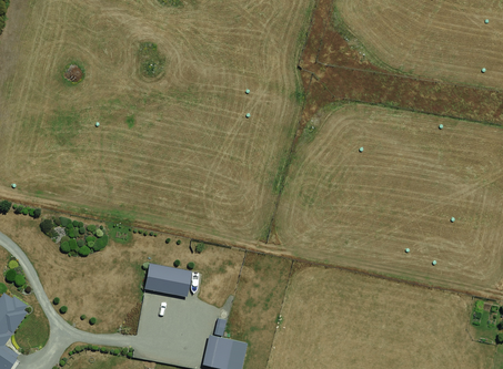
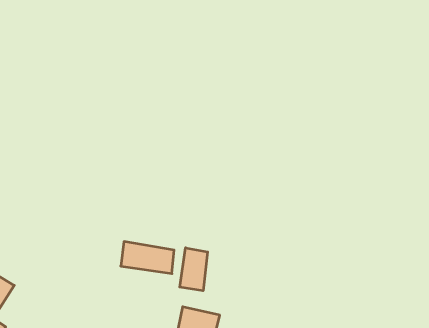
building: none -> [180,248,208,291]

